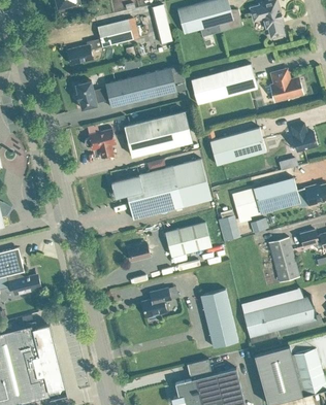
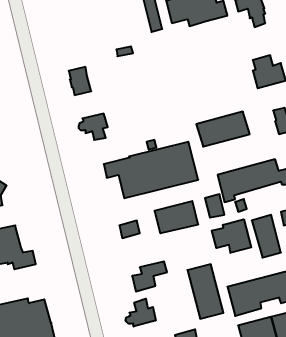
building: [67,20,133,65] -> none
building: [191,64,257,104] -> none
building: [104,67,176,108] -> none
building: [124,111,192,157] -> none
building: none -> [212,219,251,253]
building: none -> [125,299,156,327]

